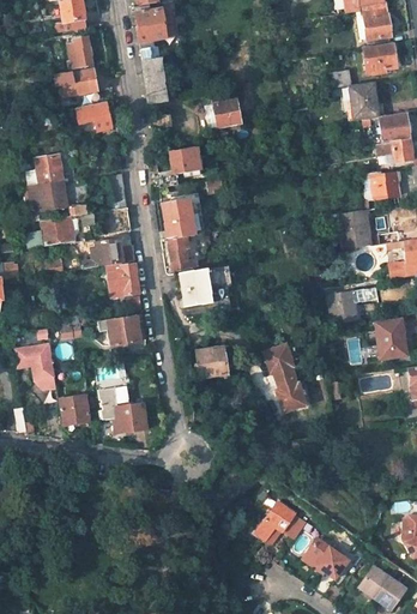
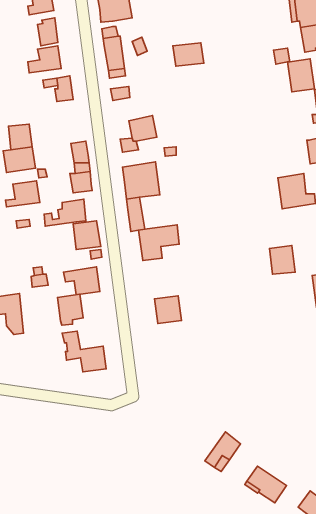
building: [208,100,243,126] -> [173,43,204,66]
building: [264,344,306,413] -> none
building: [60,393,89,428] -> [57,294,83,325]

